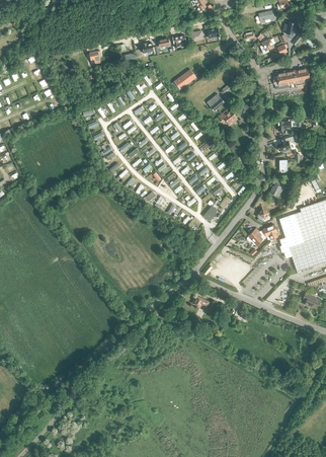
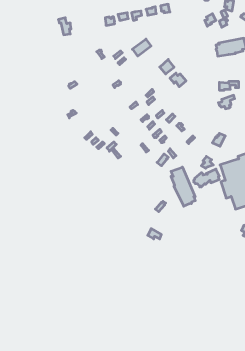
building: none -> [171,167,195,206]

